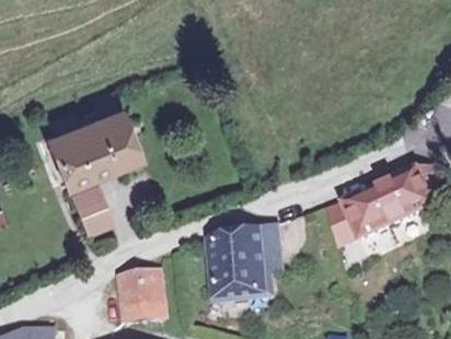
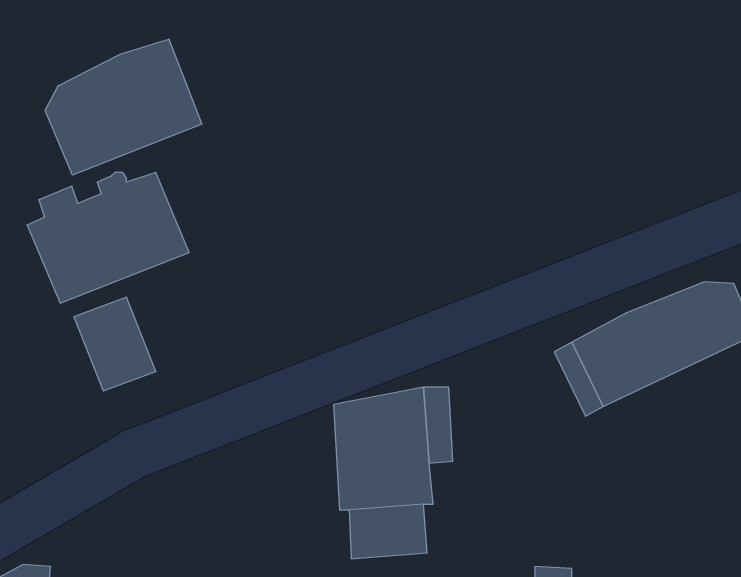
building: none -> [45,39,202,175]
building: [122,271,162,316] -> none

